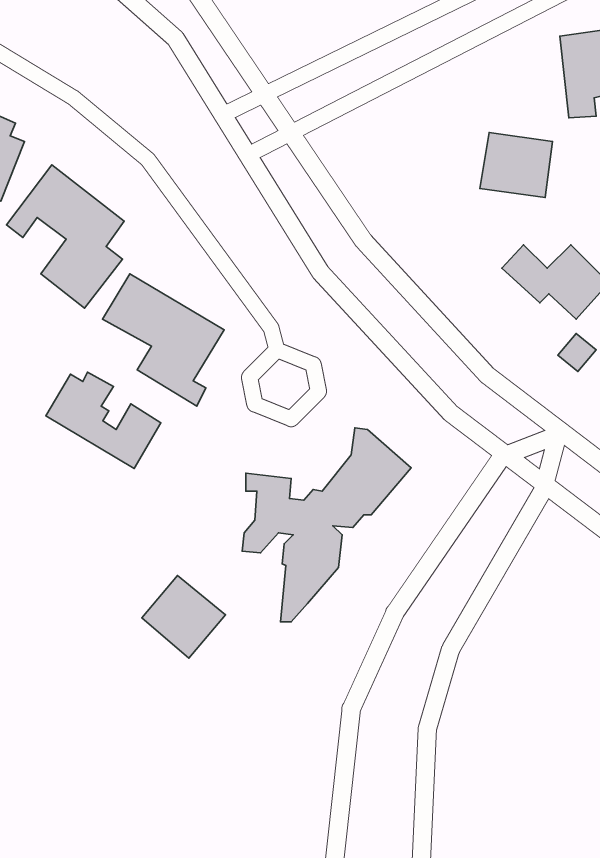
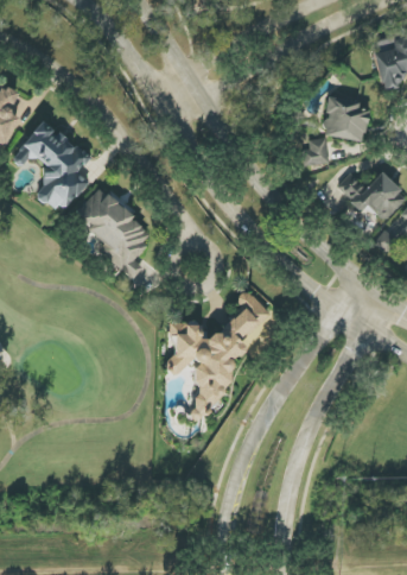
building: none -> [303,139,327,164]
building: [46,372,161,468] -> none
building: [142,575,226,658] -> none

